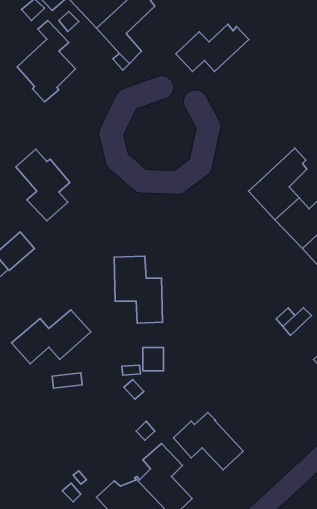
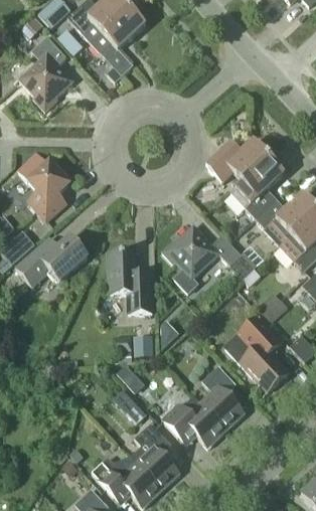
building: [176,24,249,72] -> [206,139,273,182]
building: none -> [161,225,254,294]
building: [11,310,91,364] -> [15,236,88,286]
building: none -> [222,316,288,391]
building: none -> [199,365,244,430]

